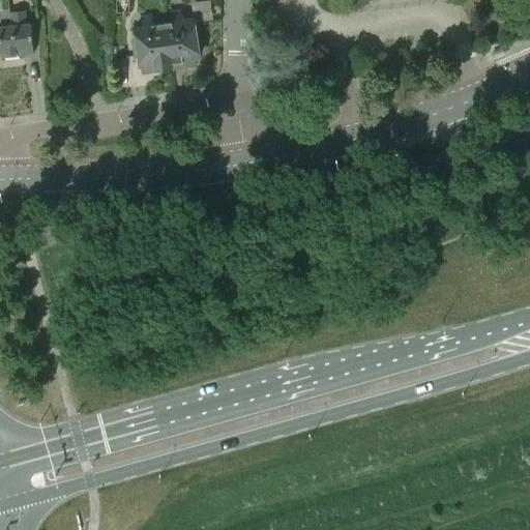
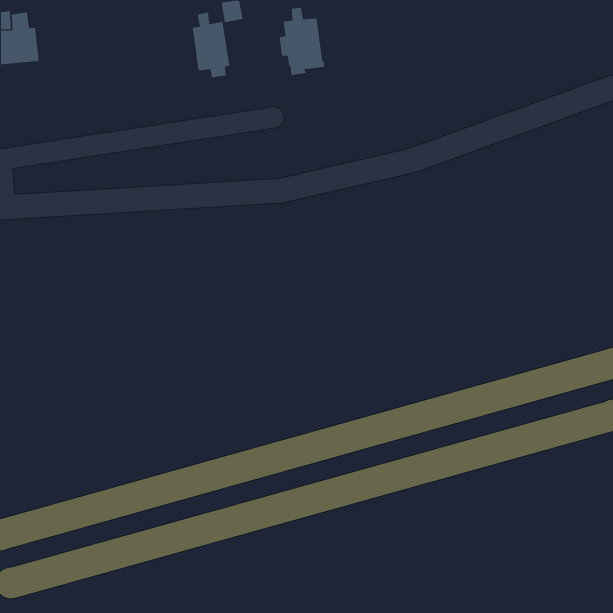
building: [132,14,173,73] -> [279,7,326,76]

